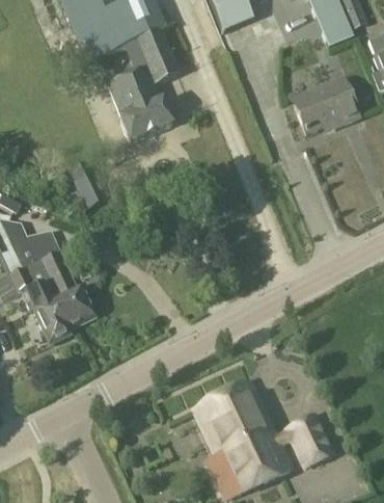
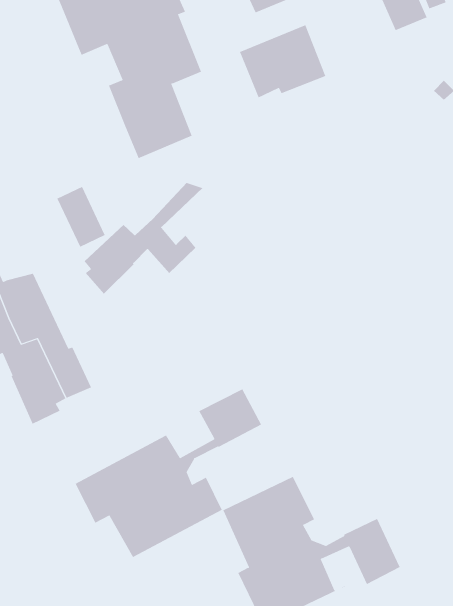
building: [292,77,358,133] -> [239,25,326,98]
building: none -> [84,182,203,295]
building: none -> [75,388,262,558]

